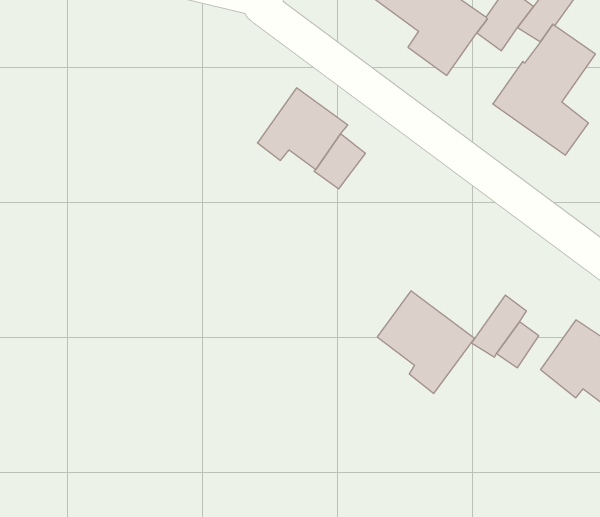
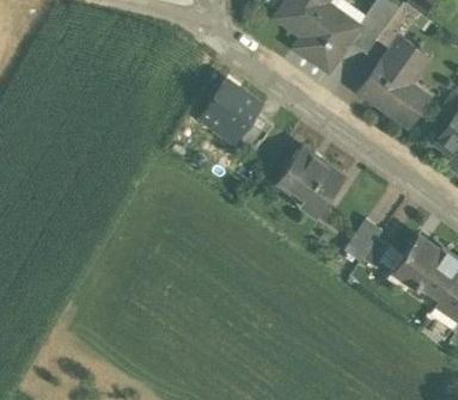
building: [377,291,475,393] -> [277,147,343,216]

